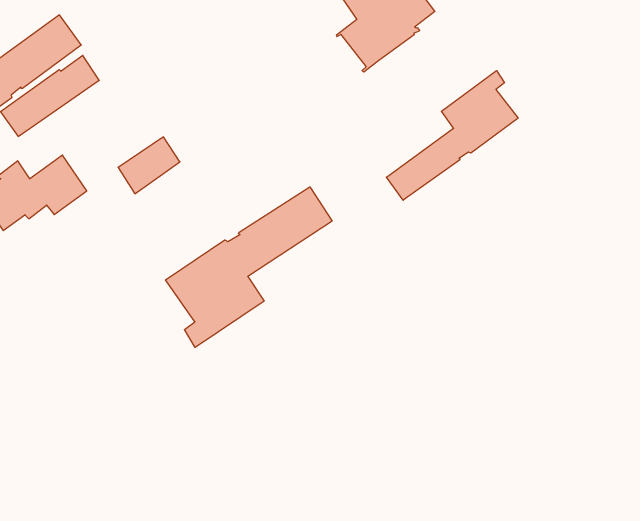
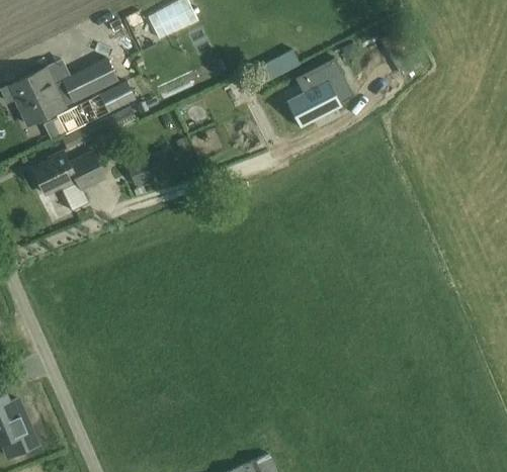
building: [386,71,518,200] -> none
building: [166,187,332,347] -> none

